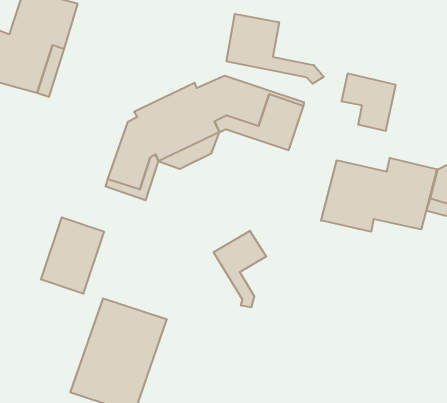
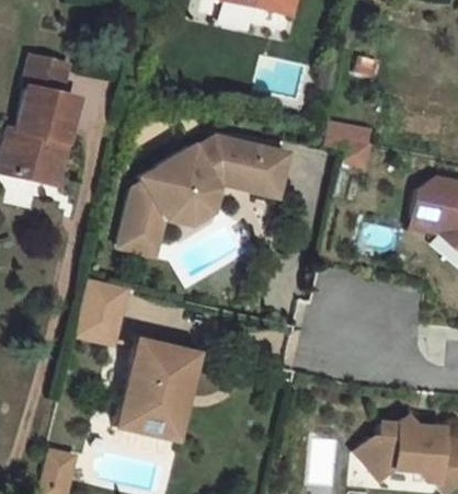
building: [226,14,324,84] -> none
building: [321,158,437,232] -> none
building: [214,231,266,307] -> none

